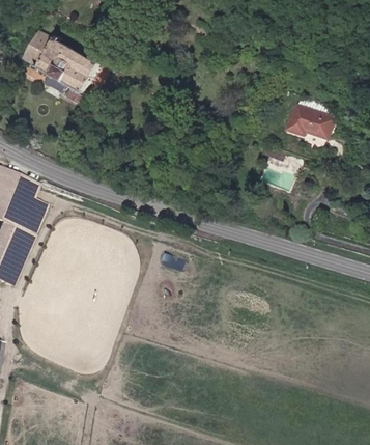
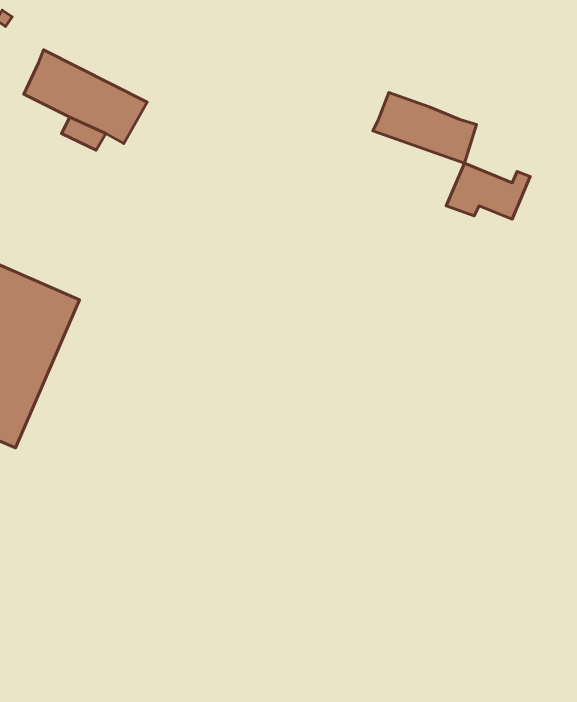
building: none -> [373,92,476,163]

